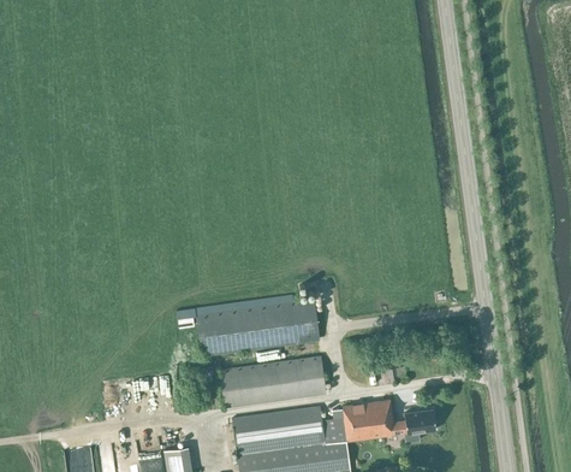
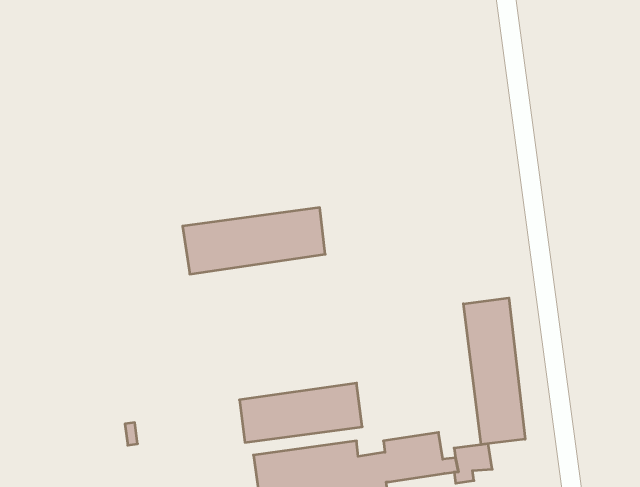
building: none -> [463,298,525,445]
building: [197,300,319,356] -> [183,208,325,274]

